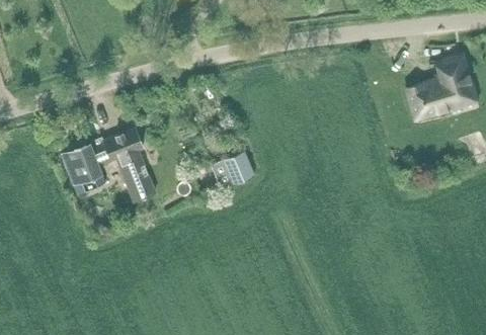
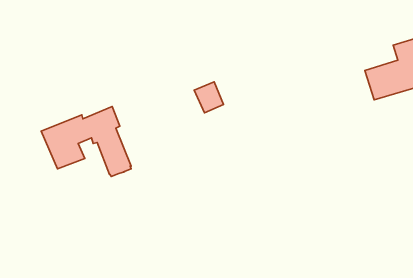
building: [224,152,255,185] -> [194,82,223,113]

